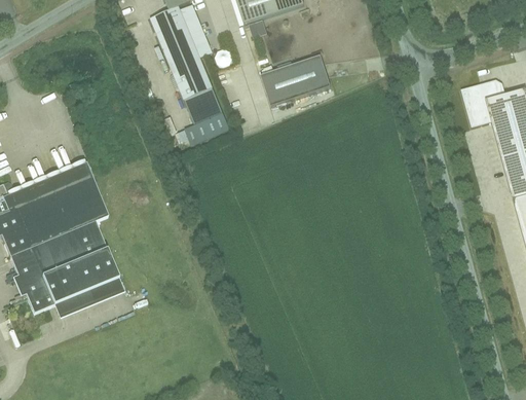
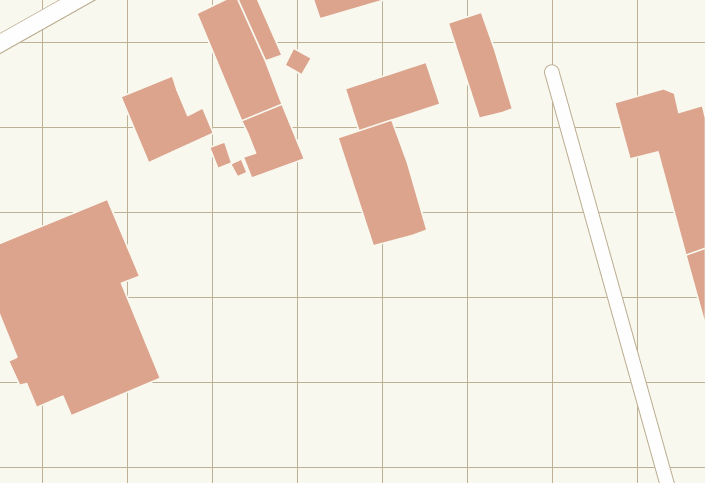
building: none -> [448,12,513,118]
building: none -> [121,76,214,163]
building: none -> [338,120,427,246]

